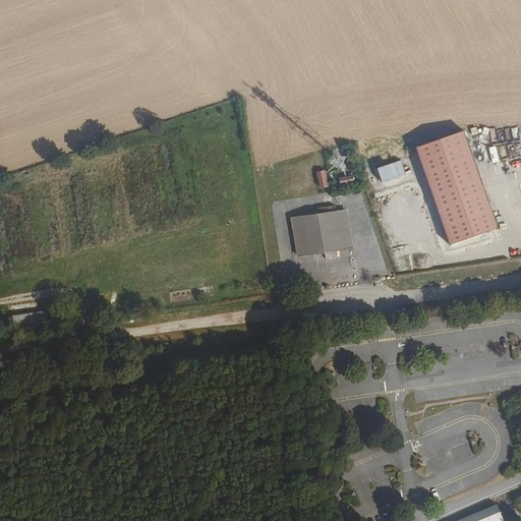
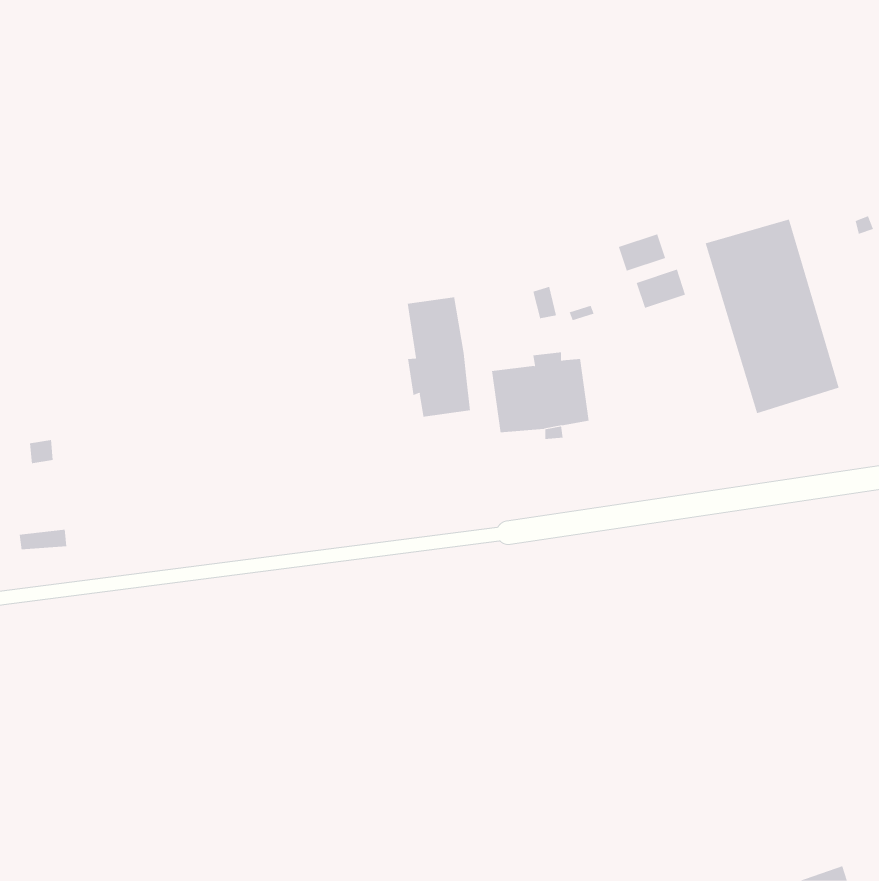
building: none -> [618,233,666,271]
building: none -> [407,297,471,417]

